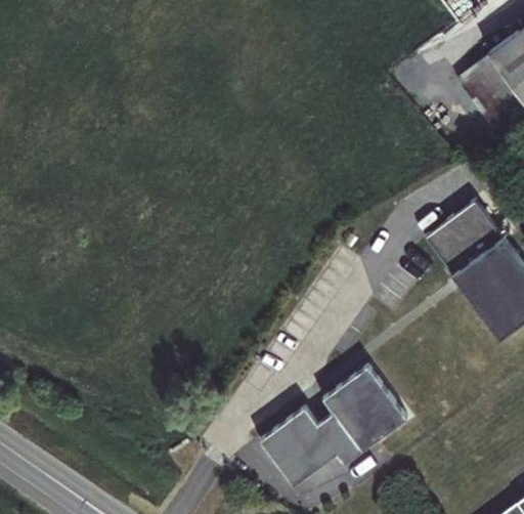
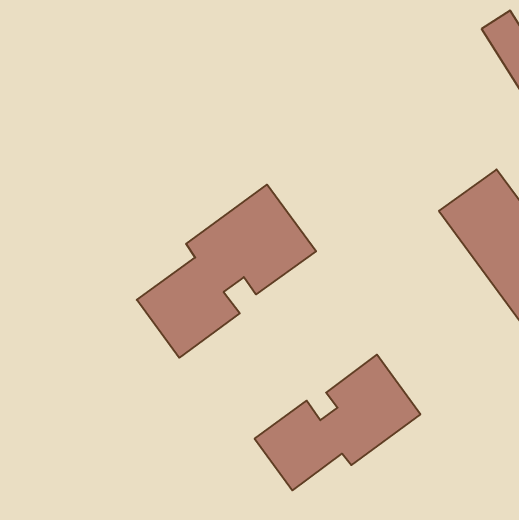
building: none -> [137,185,316,358]

